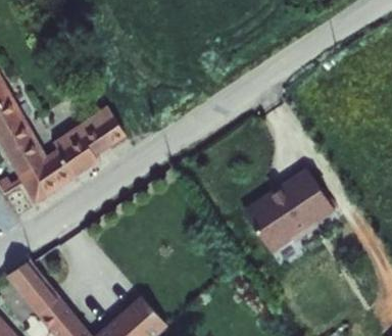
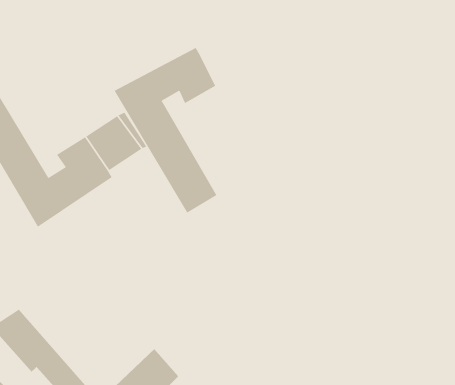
building: none -> [114,47,217,214]
building: [240,174,330,258] -> none

